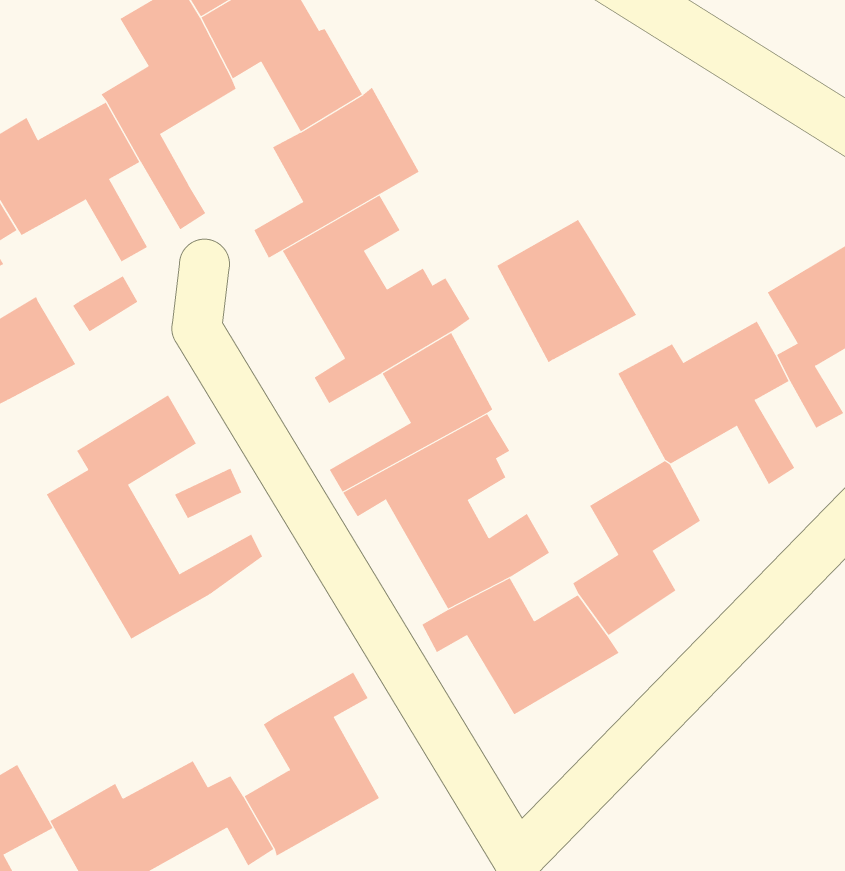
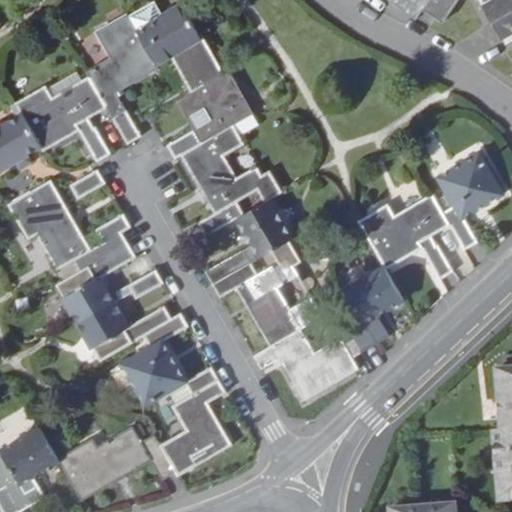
building: [496,219,637,363] -> none
building: none -> [35,213,129,270]
building: none -> [122,312,218,403]

